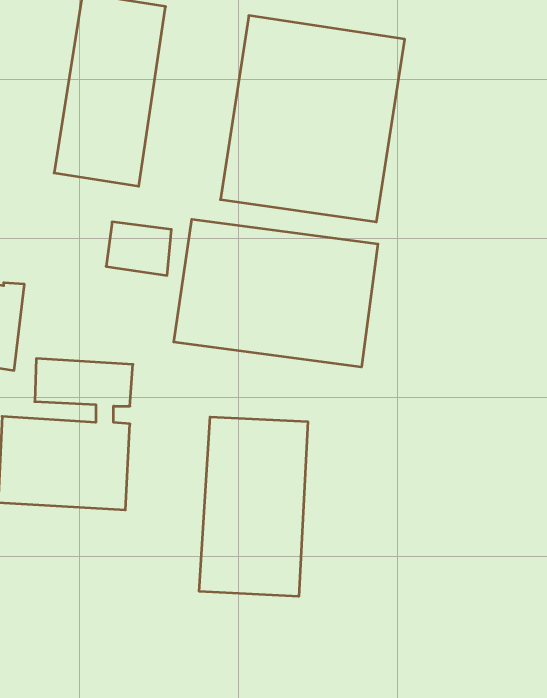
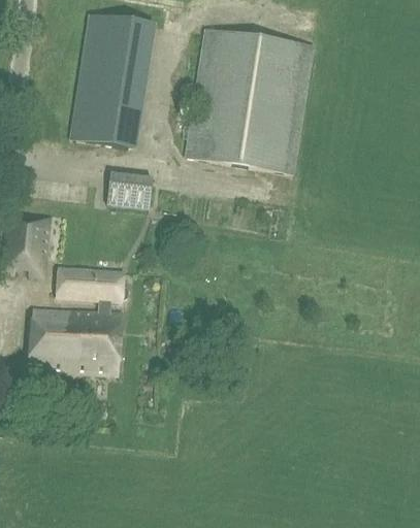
building: [174,219,378,367] -> none
building: [199,417,308,596] -> none

